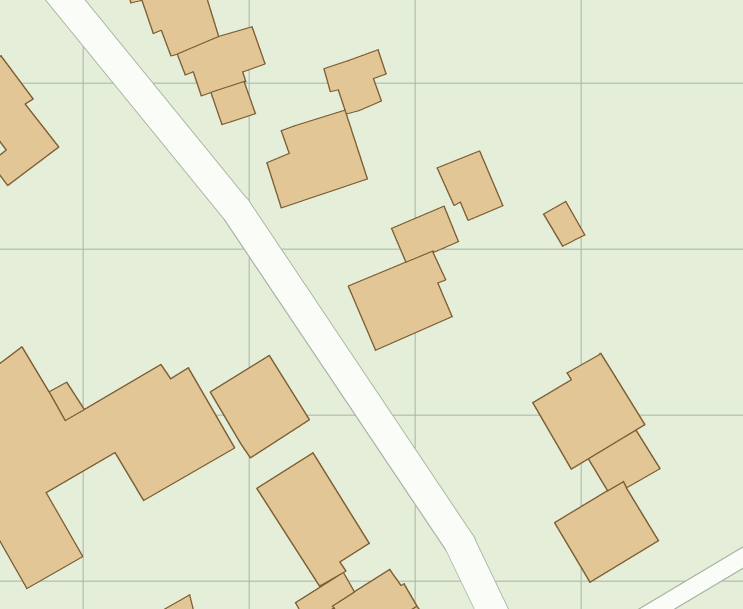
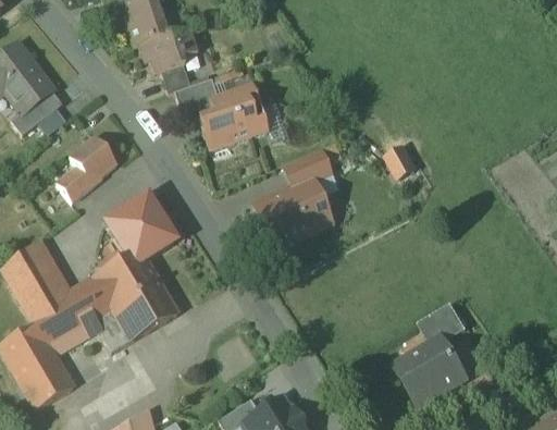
building: [324,50,386,114] -> [176,77,219,121]
building: [437,151,503,220] -> none
building: none -> [58,135,117,200]
building: [533,353,645,469] -> none
building: [210,355,309,458] -> [108,196,175,266]
building: [257,453,369,587] -> none

